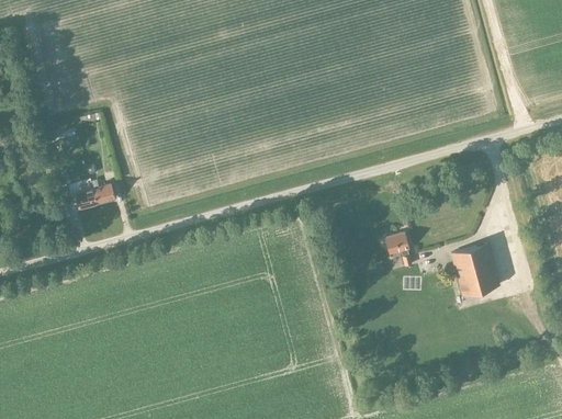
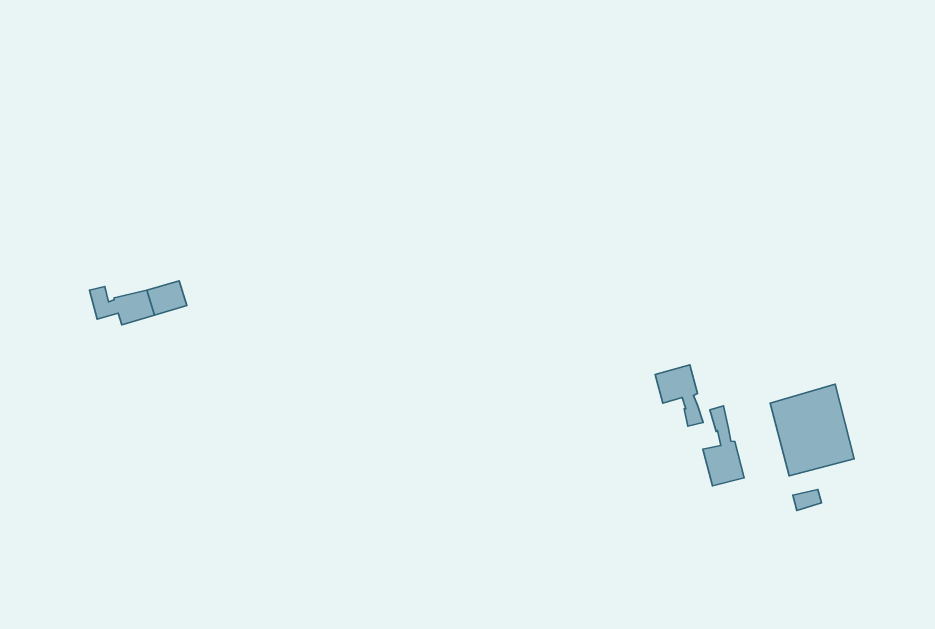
building: none -> [703,406,744,486]

